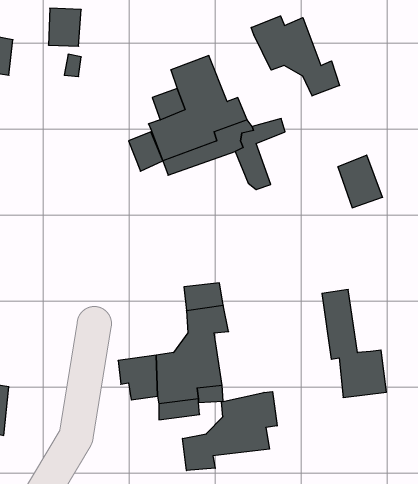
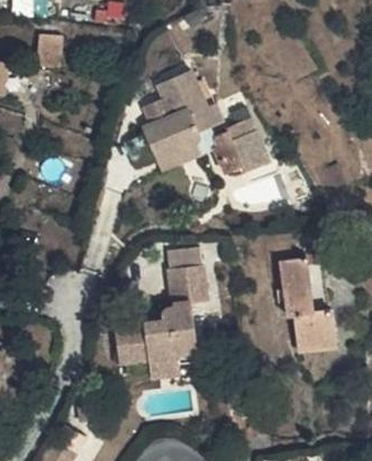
building: [251,16,340,96] -> none
building: [338,155,383,208] -> [220,132,258,176]
building: [183,392,277,471] -> none

